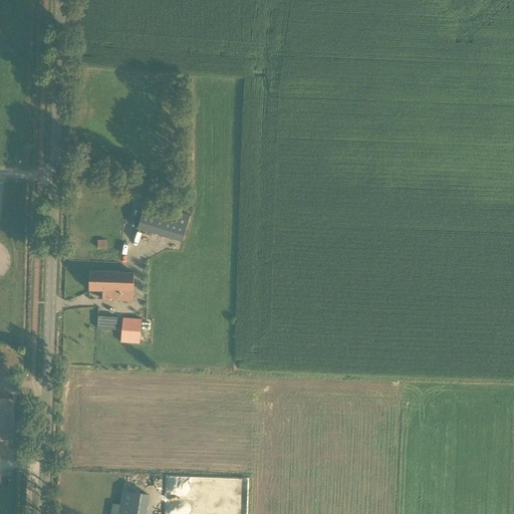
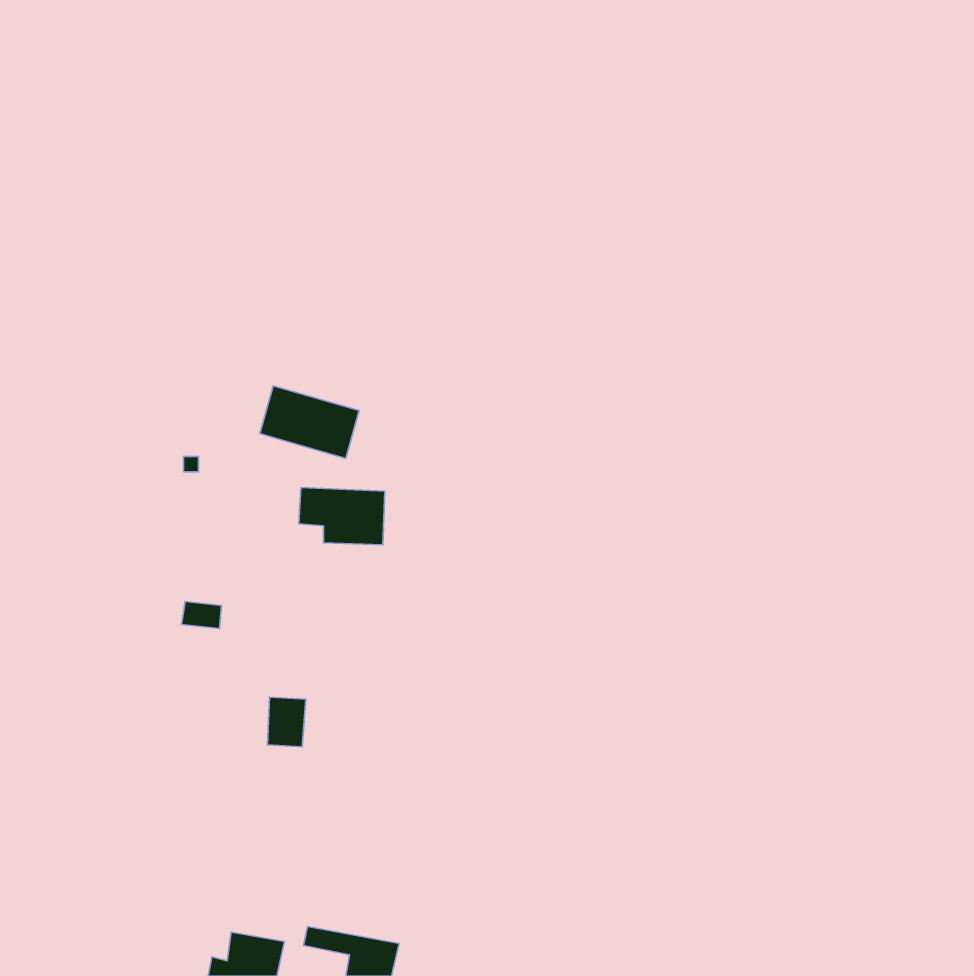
building: [88,271,134,301] -> [299,487,385,545]
building: [120,317,141,343] -> [268,697,306,747]

